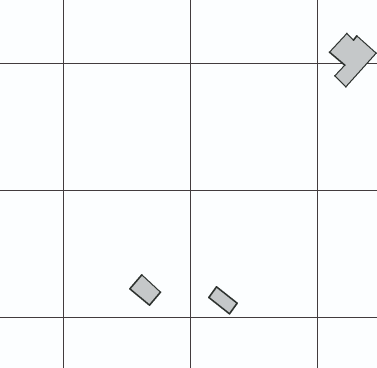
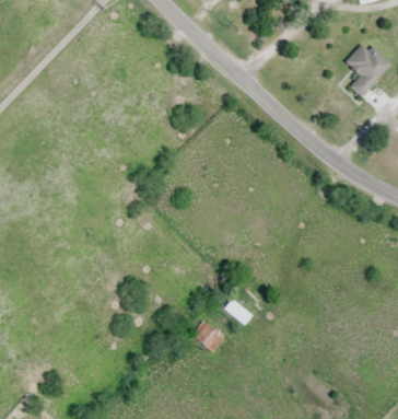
building: [130,275,160,305] -> [195,321,225,351]

